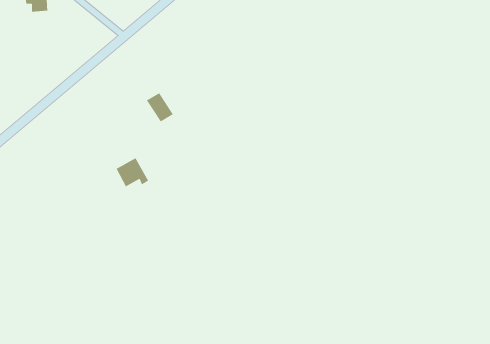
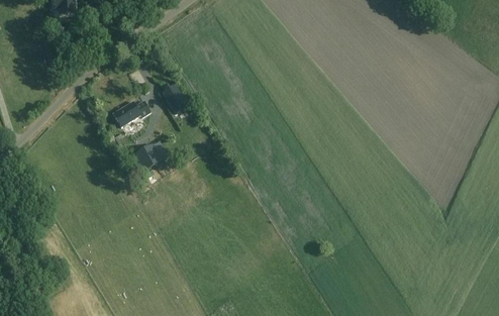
building: none -> [113,101,151,126]

